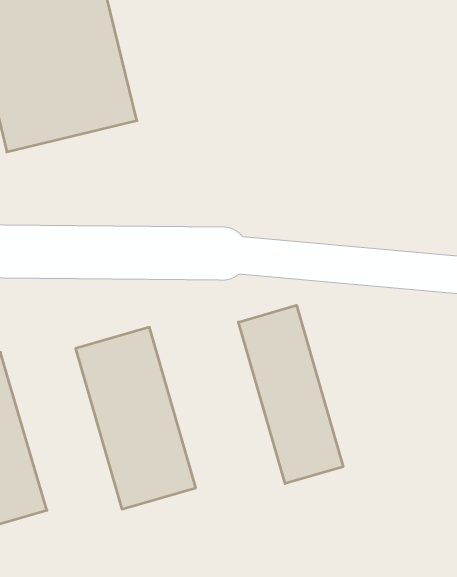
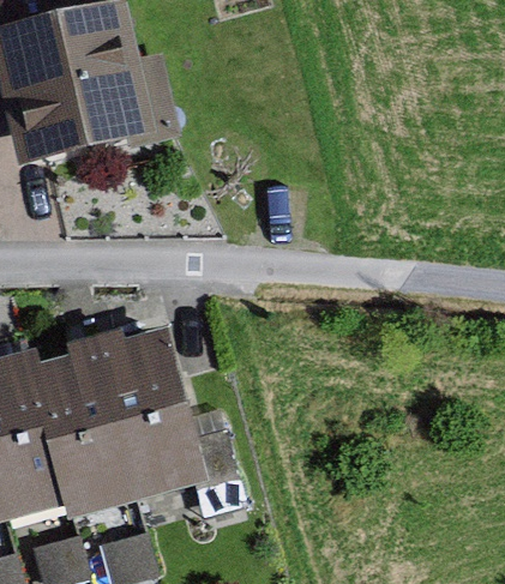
building: [238,305,343,484] -> none
building: none -> [26,345,138,518]

